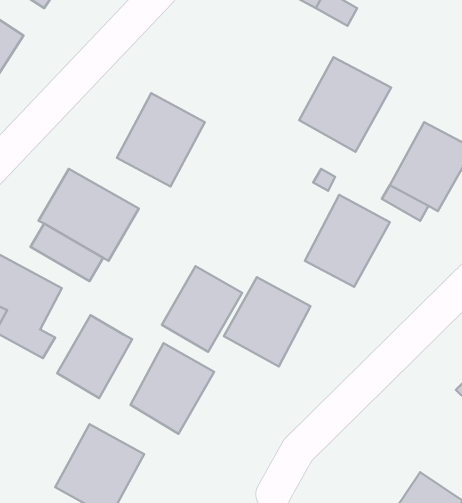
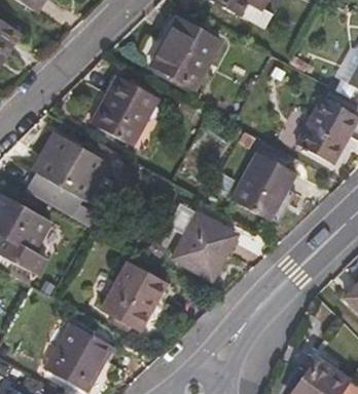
building: [299,57,391,152] -> [152,17,221,88]
building: [162,266,242,352] -> none
building: [57,315,132,398] -> none

